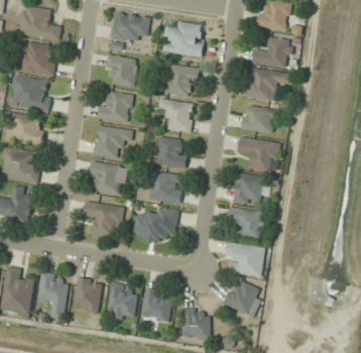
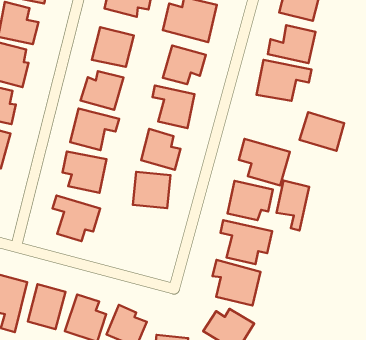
building: [241,104,277,134] -> [299,112,344,151]
building: none -> [277,181,309,230]
building: [132,207,177,242] -> none

